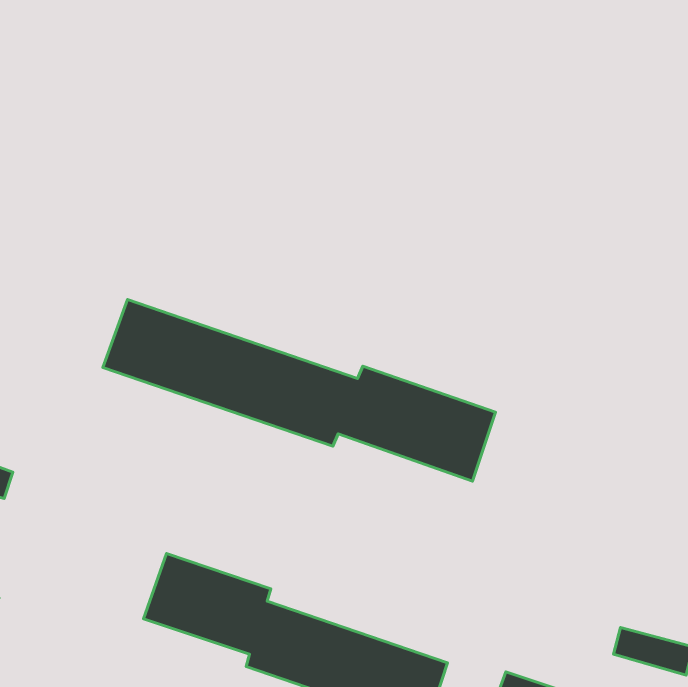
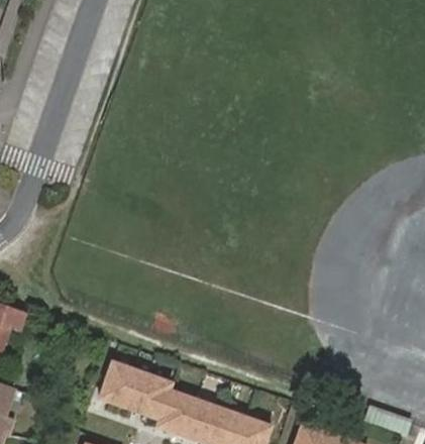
building: [103,300,496,481] -> none

